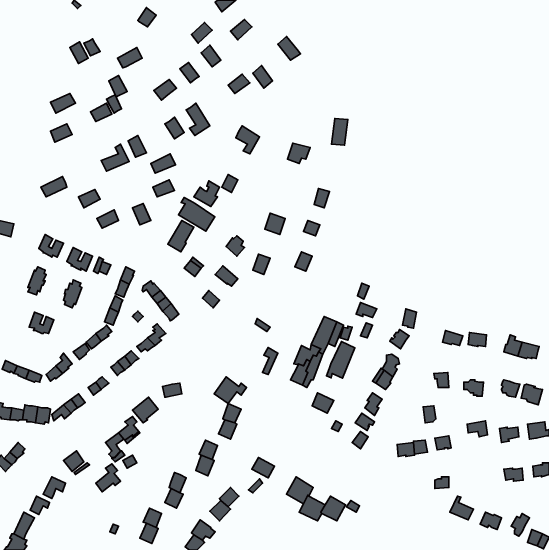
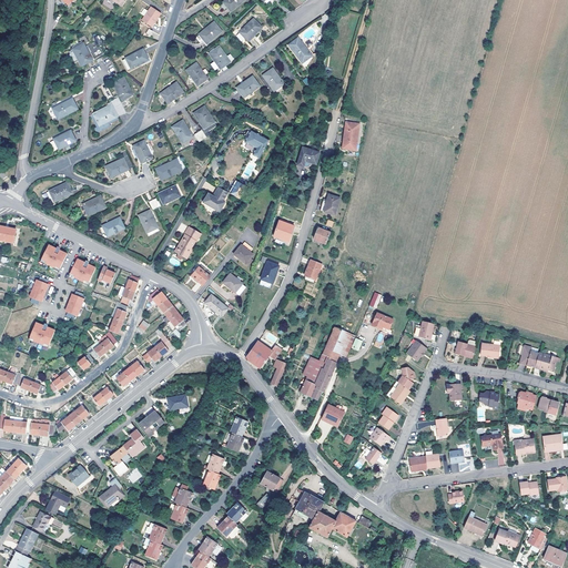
building: [178,197,215,231] -> none
building: [326,342,355,378] -> none
building: [214,377,247,404] -> [245,341,278,368]

